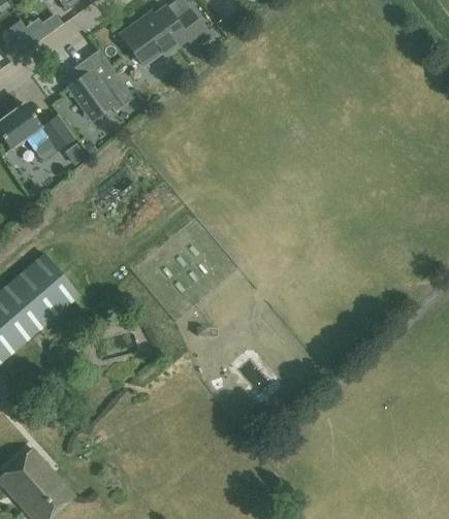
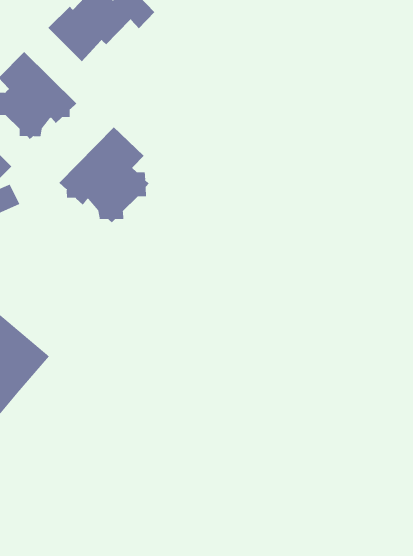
building: none -> [59,126,150,223]

